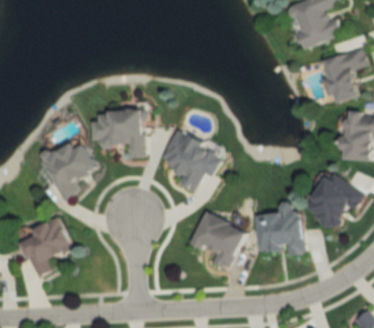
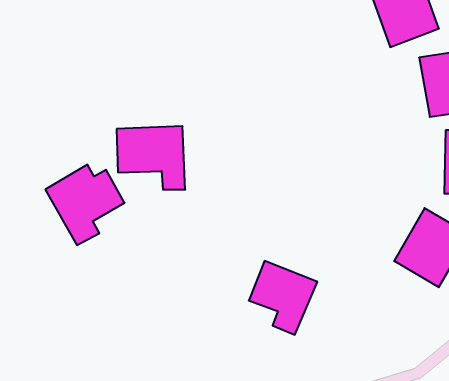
building: [159,130,222,191] -> none
building: [253,202,304,256] -> none
building: [18,217,71,278] -> none

